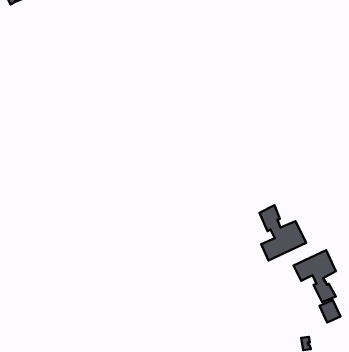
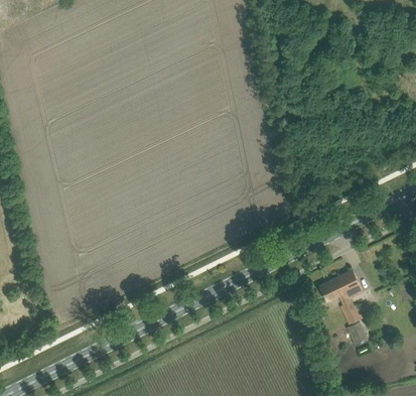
building: [259,205,306,261] -> none

